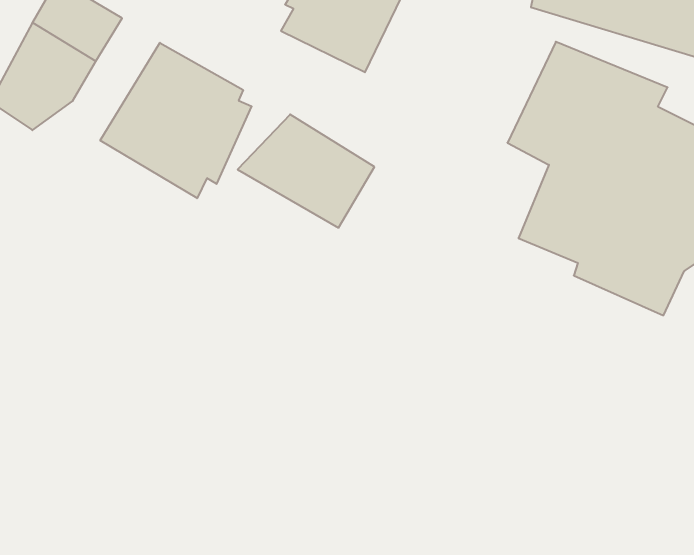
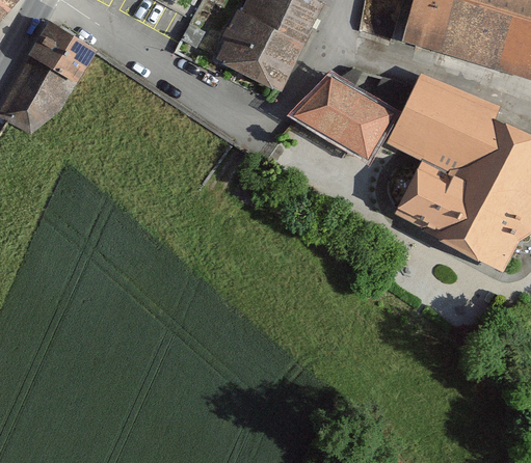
building: [100,43,252,198] -> none
building: [238,114,374,228] -> [292,74,395,159]

